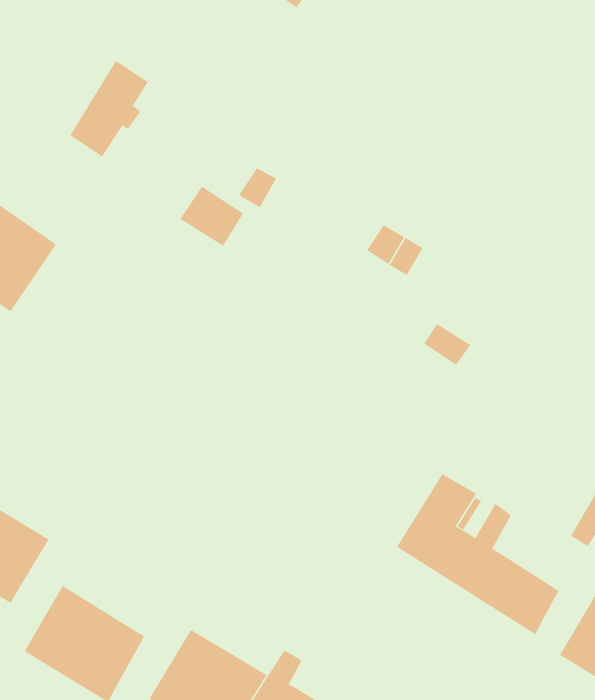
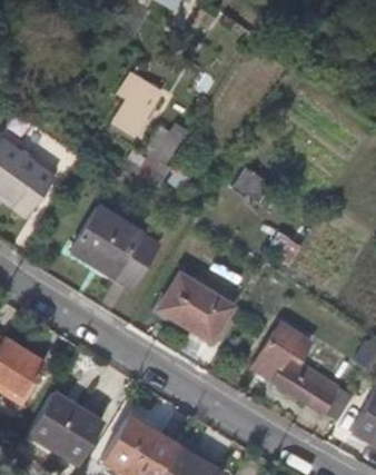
building: [70,60,148,157] -> [112,76,160,135]
building: none -> [69,206,154,287]
building: none -> [158,273,234,340]

